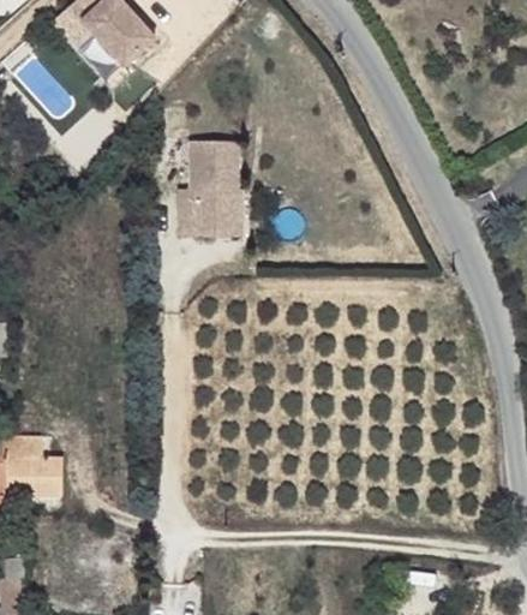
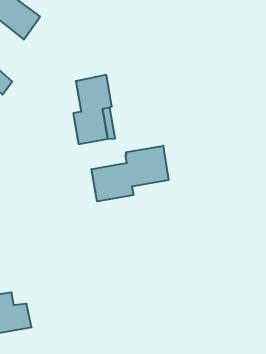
building: none -> [91,146,168,201]

